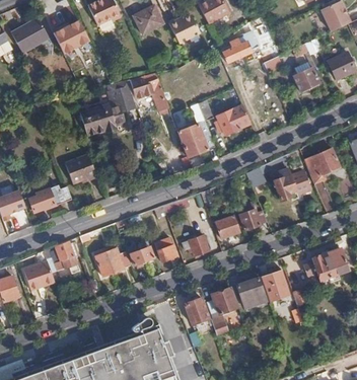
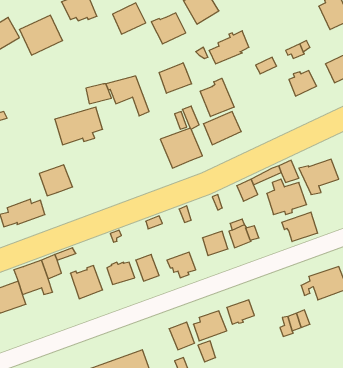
building: none -> [159,63,192,93]
building: none -> [200,78,234,117]
building: none -> [282,212,318,242]
building: [263,270,288,295] -> none

